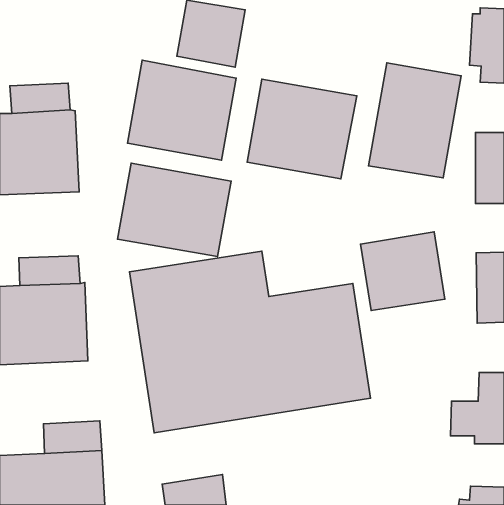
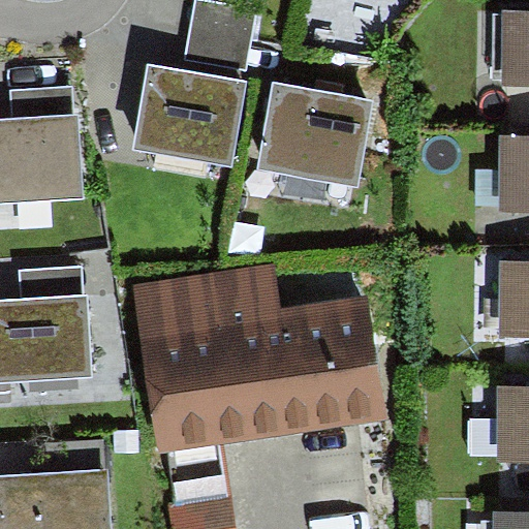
building: [368,63,461,178] -> none
building: [117,163,231,256] -> none
building: [361,232,445,311] -> none

